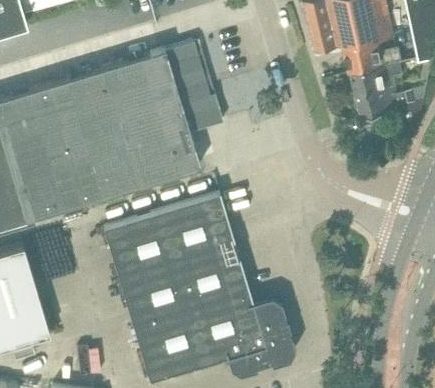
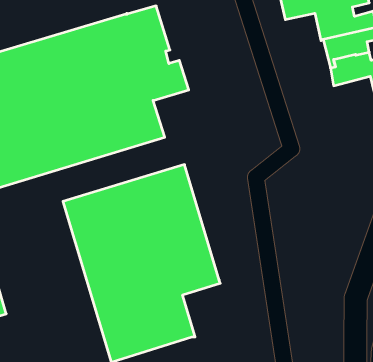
building: [217,300,295,379] -> none

